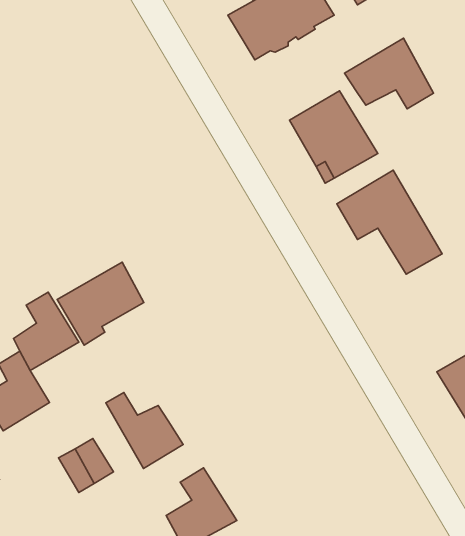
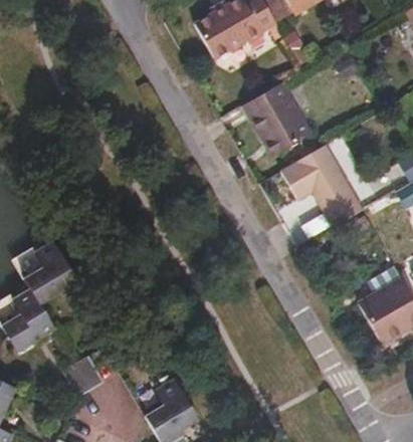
building: [345,38,434,109] -> none
building: [57,262,144,345] -> none
building: [106,392,183,468] -> none

